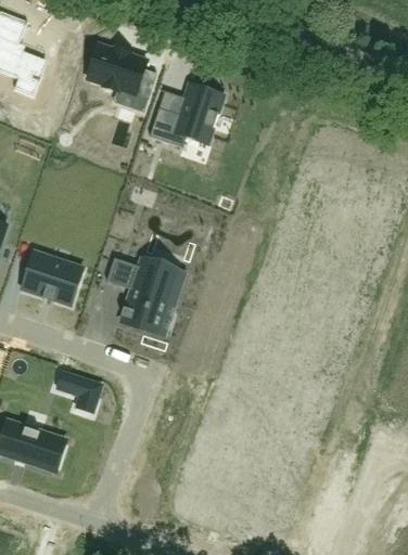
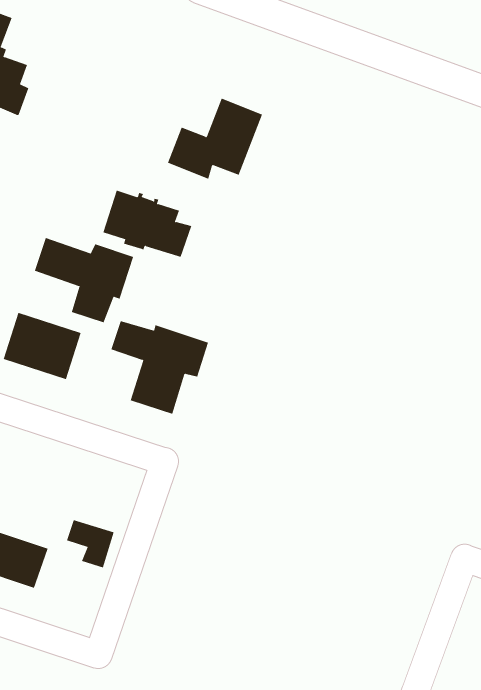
building: [86,44,156,98] -> [102,190,192,257]
building: none -> [34,237,134,323]
building: [63,374,101,412] -> [66,520,114,568]

